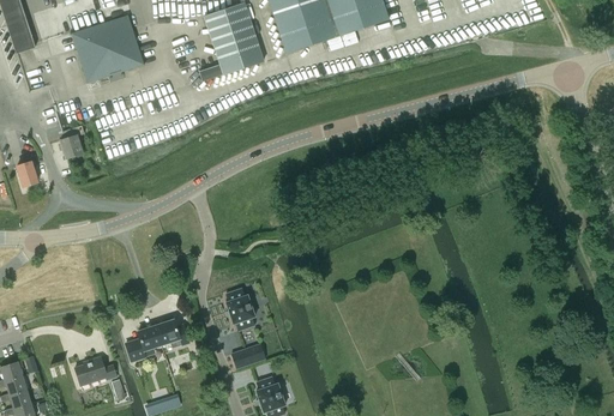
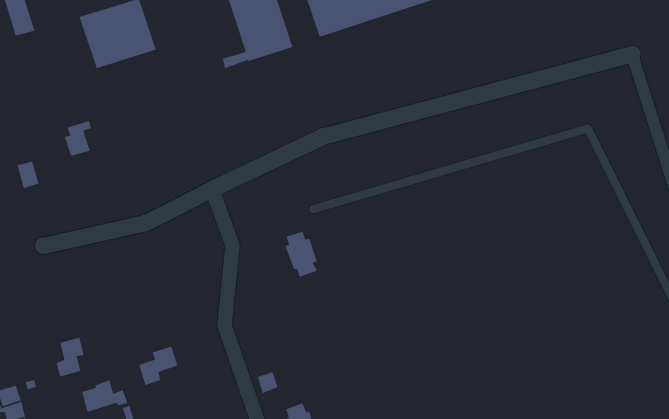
building: [224,289,254,331] -> [284,231,318,278]
building: none -> [56,337,84,377]
building: [155,319,188,345] -> none

